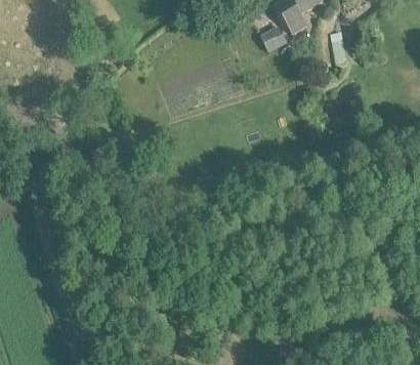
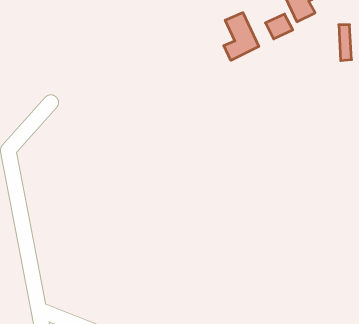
building: none -> [224,13,259,60]

